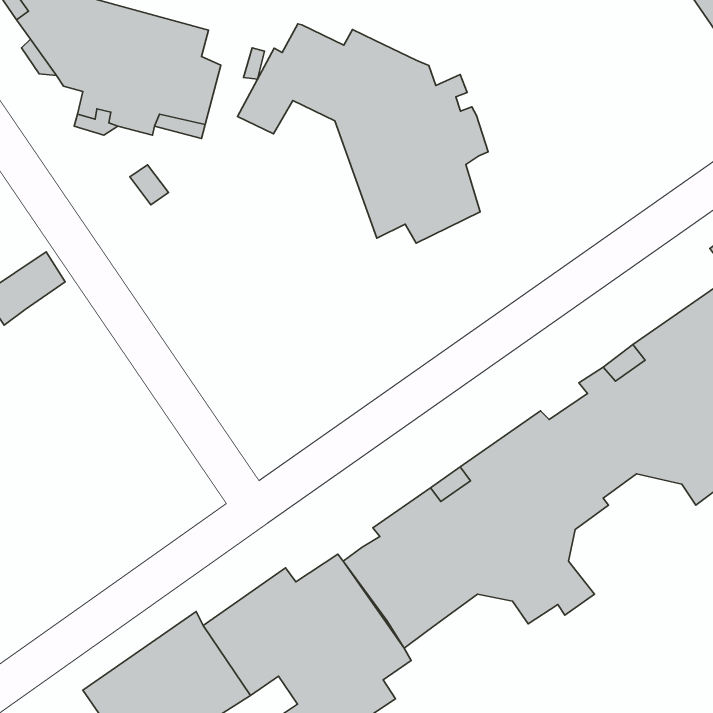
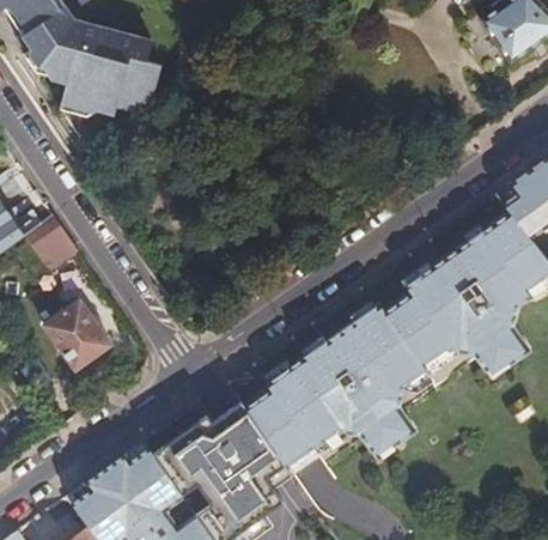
building: [237,24,488,243] -> none
building: none -> [26,216,78,269]
building: none -> [44,299,111,368]

